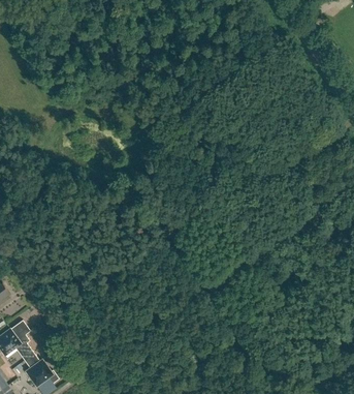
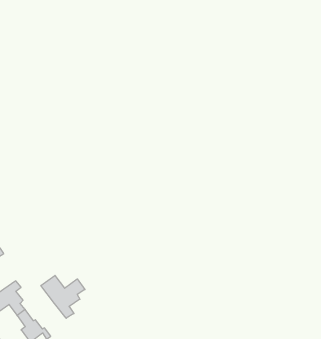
building: none -> [41,275,85,318]

